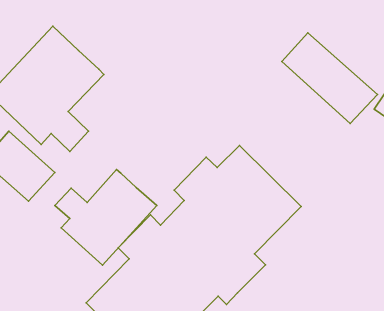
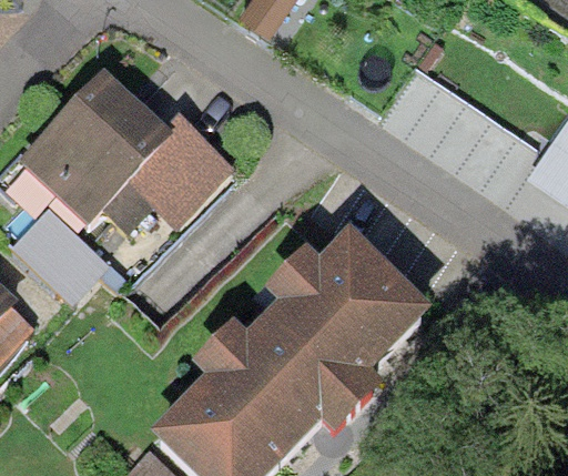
building: none -> [125,112,239,231]
building: [55,170,157,265] -> none

